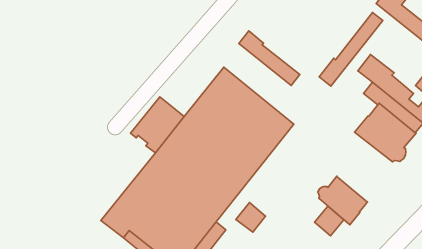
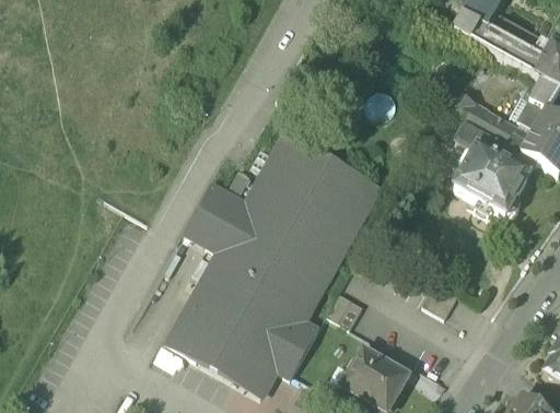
building: [319,13,383,86] -> none
building: [239,31,300,85] -> none
building: [318,176,368,225] -> none

